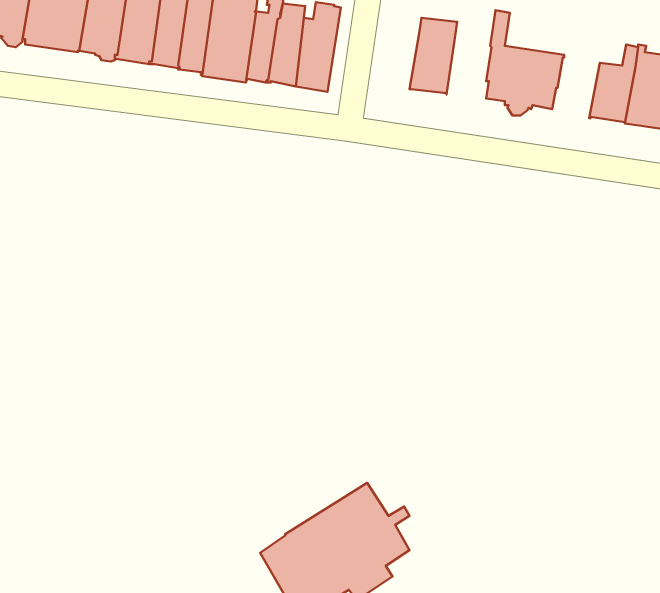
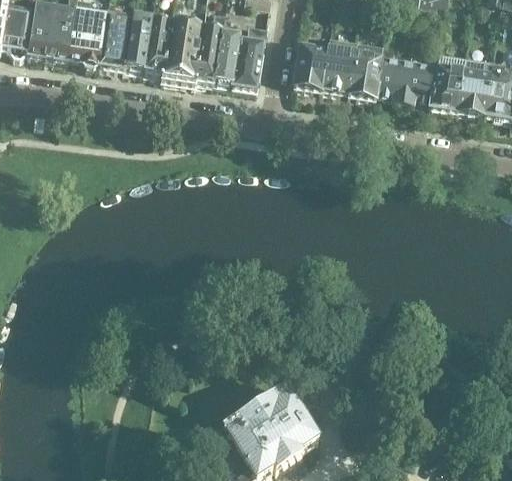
building: none -> [293,33,329,87]
building: none -> [348,36,383,96]
building: none -> [428,63,464,109]

